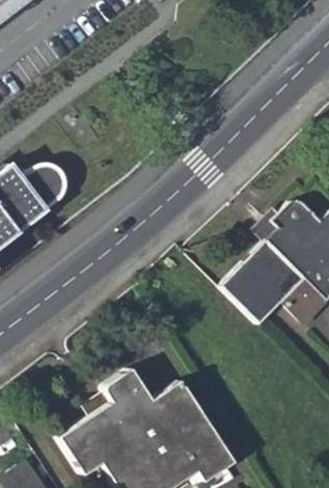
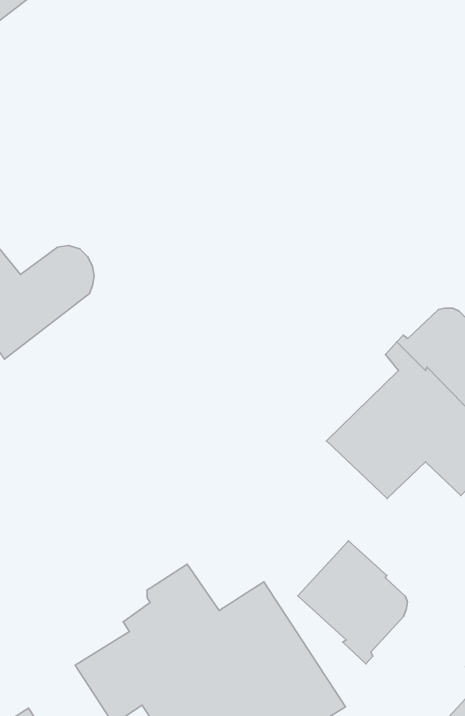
building: none -> [298,541,407,664]

